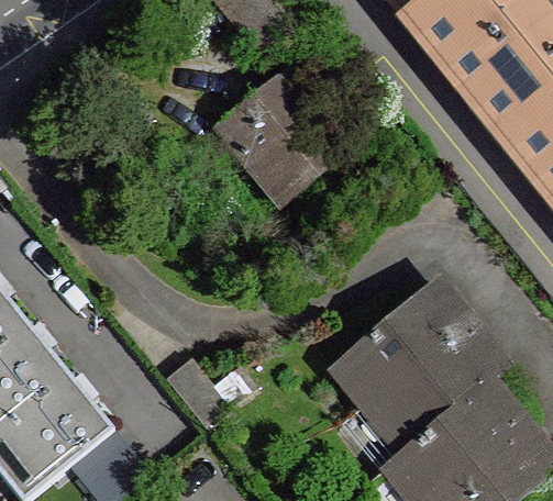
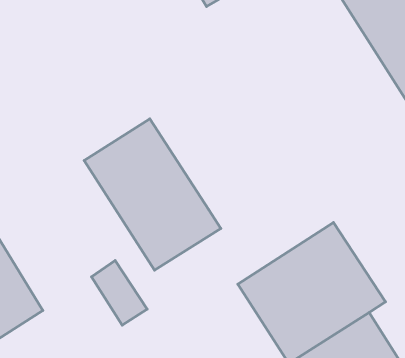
building: [219,91,351,209] -> none
building: none -> [84,119,221,270]

